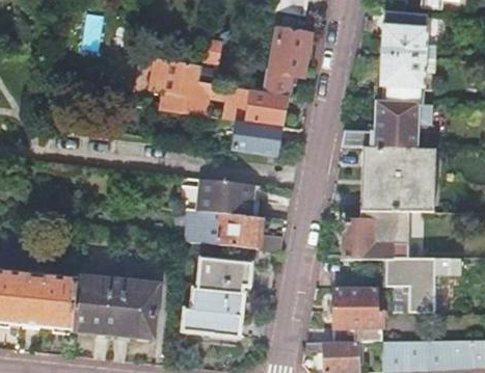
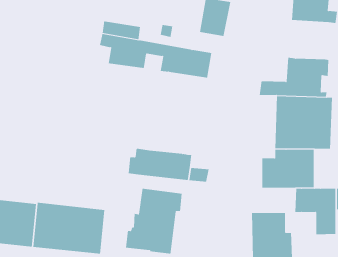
building: [379,57,426,104] -> none
building: [232,119,281,155] -> none
building: [196,179,254,217] -> none

